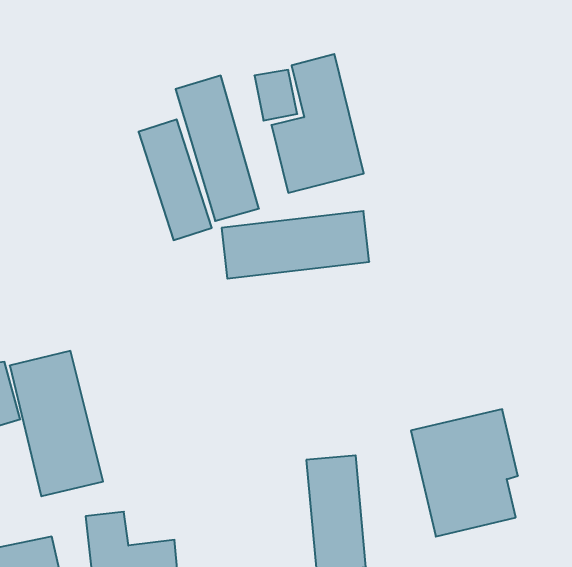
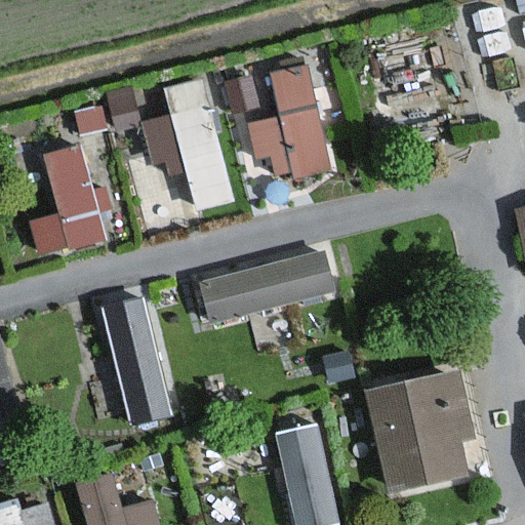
building: none -> [27,143,104,258]
building: [222,211,369,279] -> [196,254,330,316]
building: [10,351,103,496] -> [98,292,184,425]

